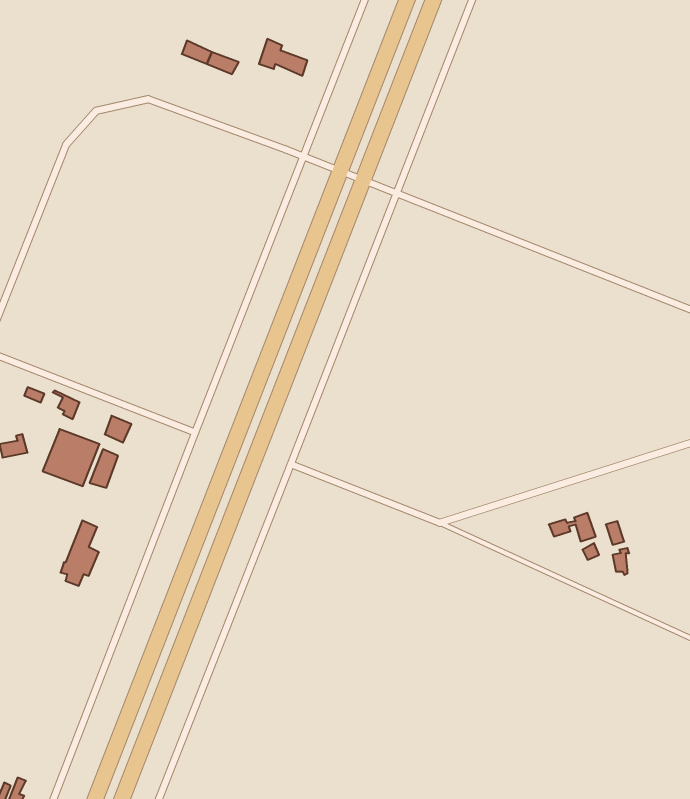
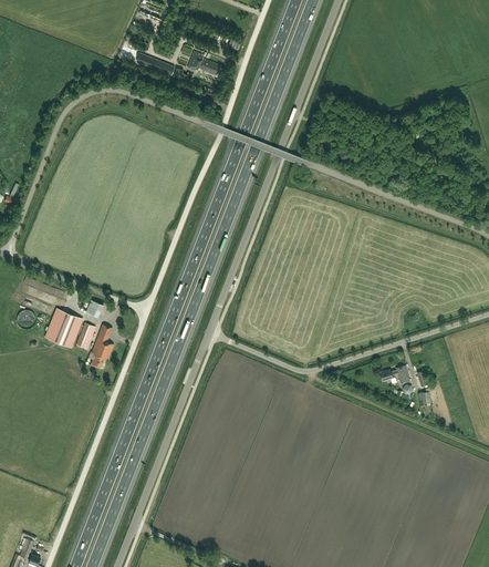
building: [60,520,99,586] -> [89,323,114,367]

